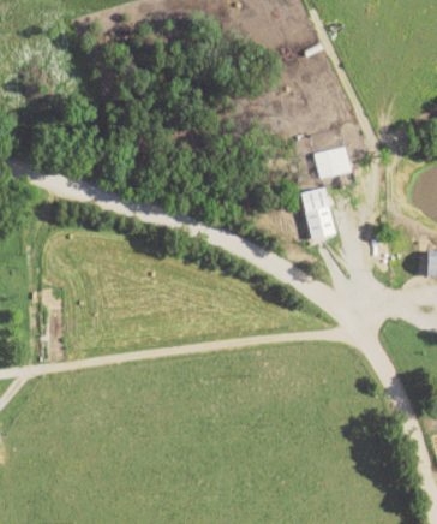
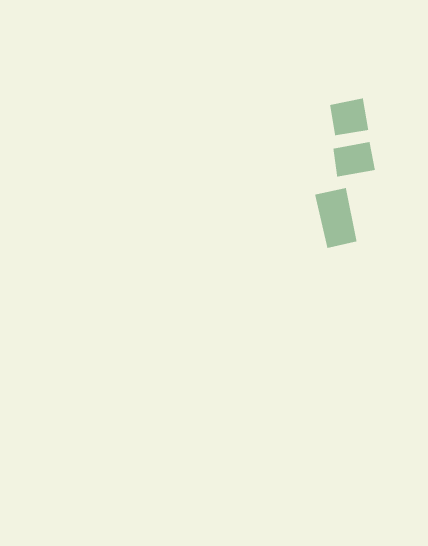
building: none -> [329,98,369,136]

